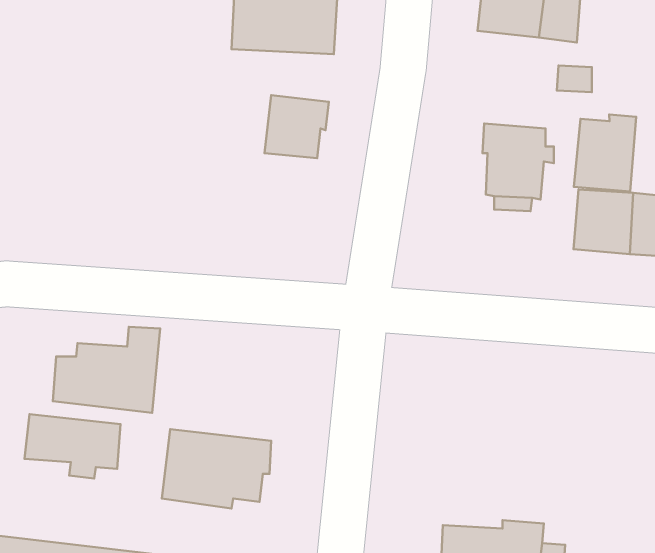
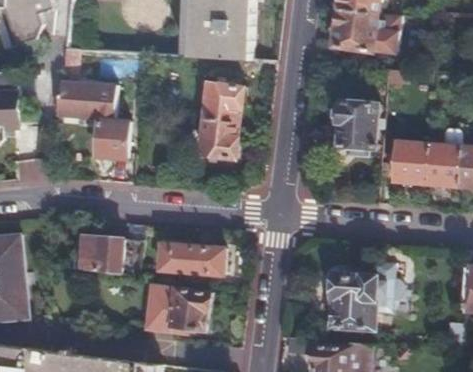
building: none -> [55,84,128,161]
building: [574,115,636,192] -> none
building: none -> [201,119,238,158]
building: none -> [334,245,400,326]
building: [25,414,120,479] -> [165,240,223,279]

